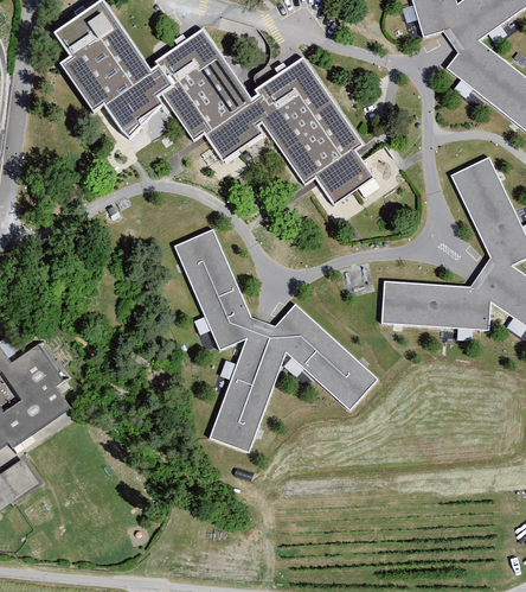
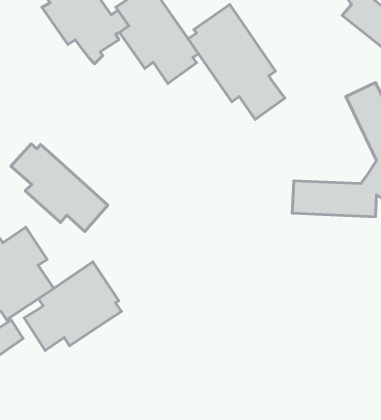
building: [173,230,376,451] -> none
building: none -> [11,144,108,232]
building: none -> [24,262,121,350]

